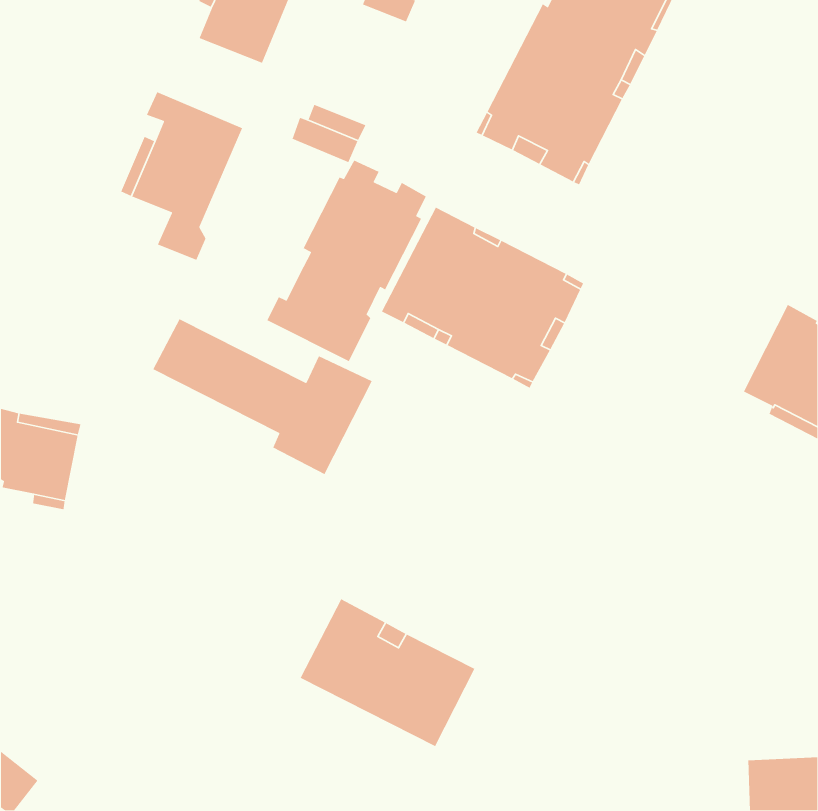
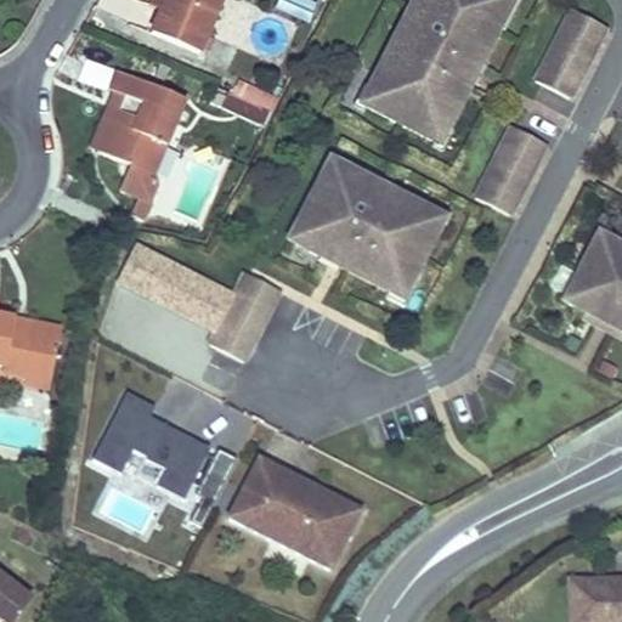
building: none -> [536,7,605,95]
building: [266,159,427,362] -> none
building: none -> [475,124,545,211]
building: none -> [92,391,236,525]

